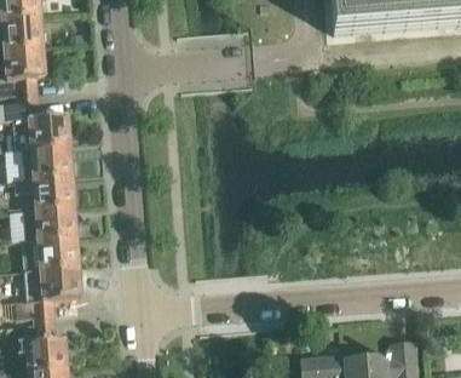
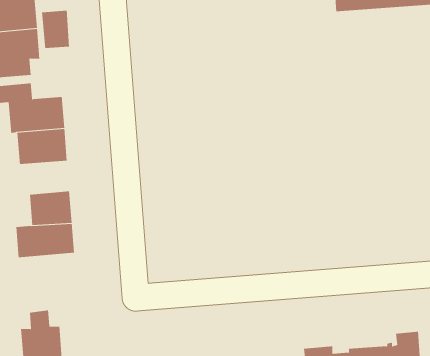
building: none -> [41,10,70,49]
building: [15,177,74,210] -> none
building: [13,267,81,319] -> none

